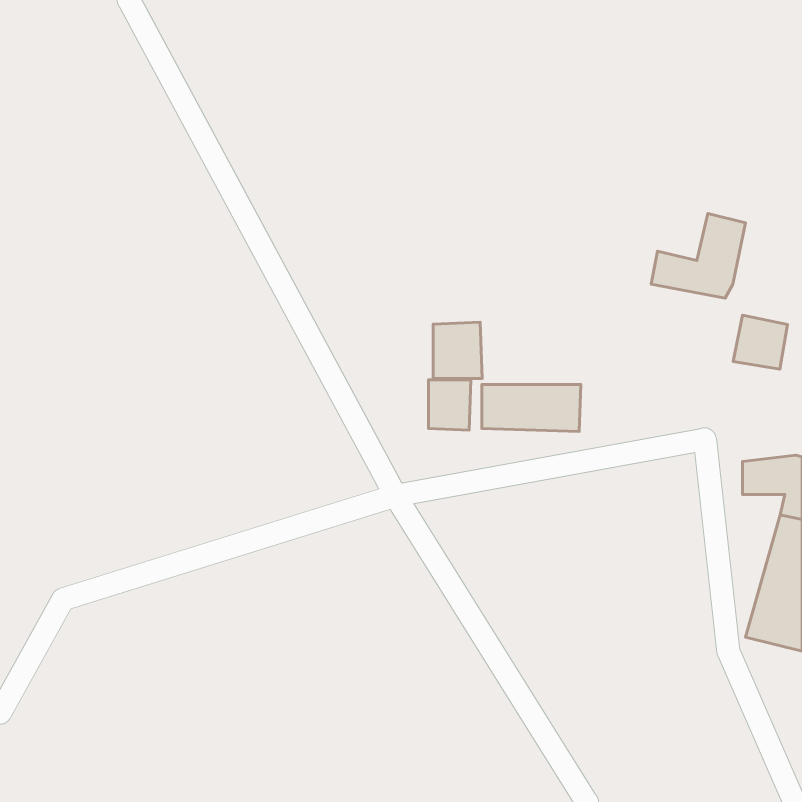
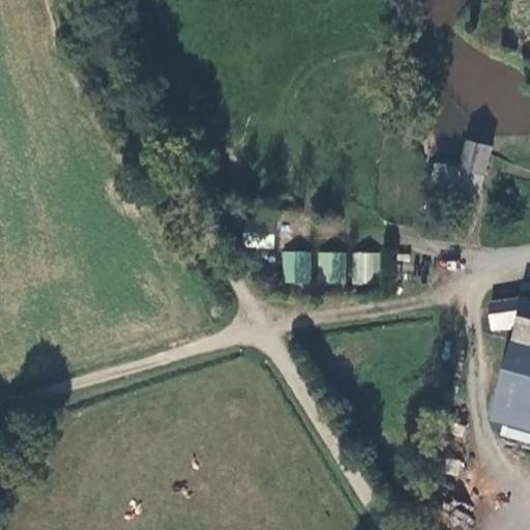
building: [733,315,787,369] -> none
building: [433,322,482,379] -> none

